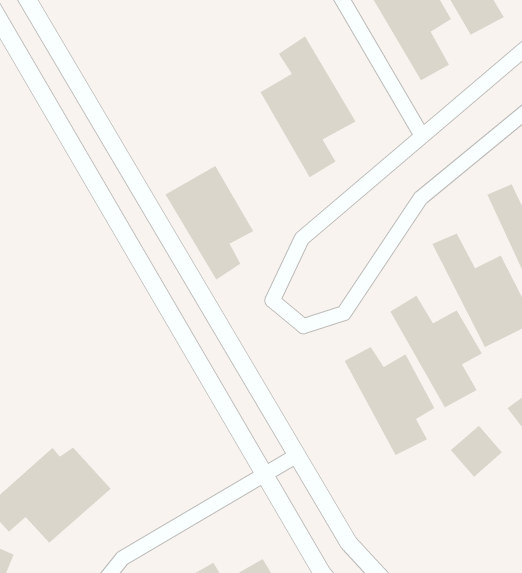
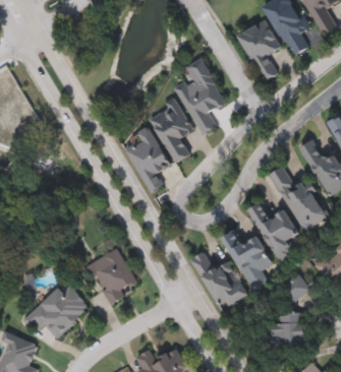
building: none -> [150,100,194,163]
building: none -> [87,247,136,305]
building: none -> [190,250,248,306]
building: none -> [268,312,304,346]

